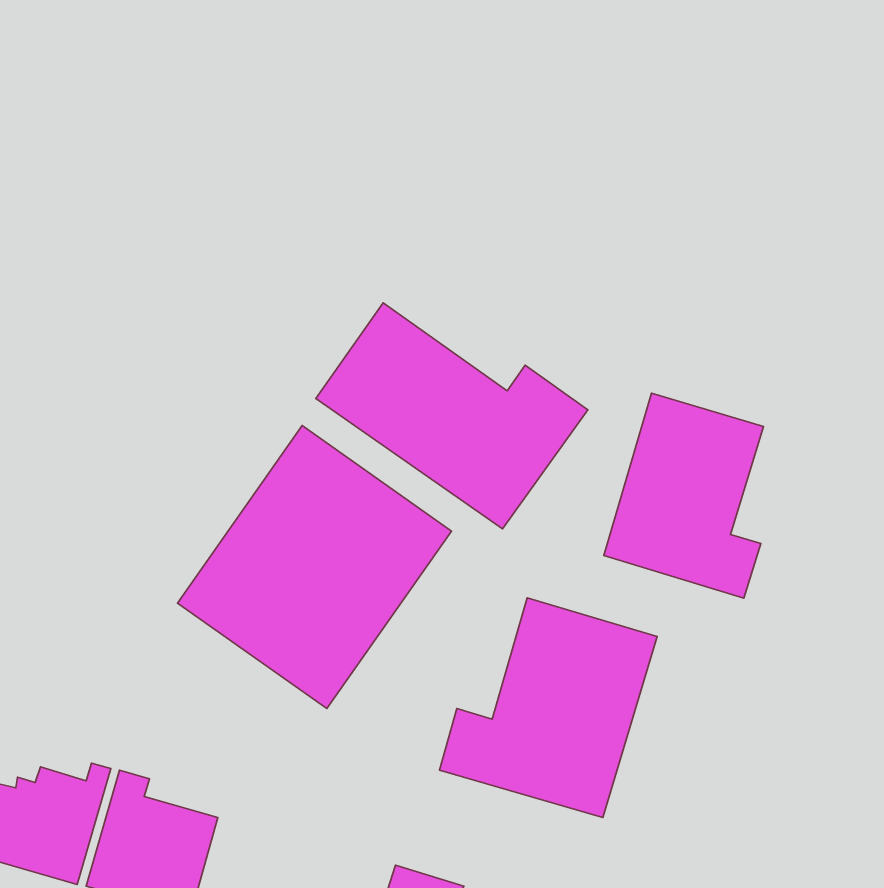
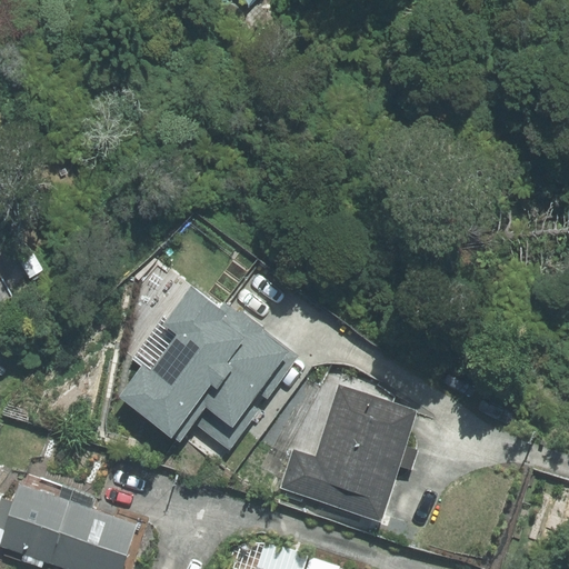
building: [316,303,588,529] -> none
building: [604,393,763,598] -> none

